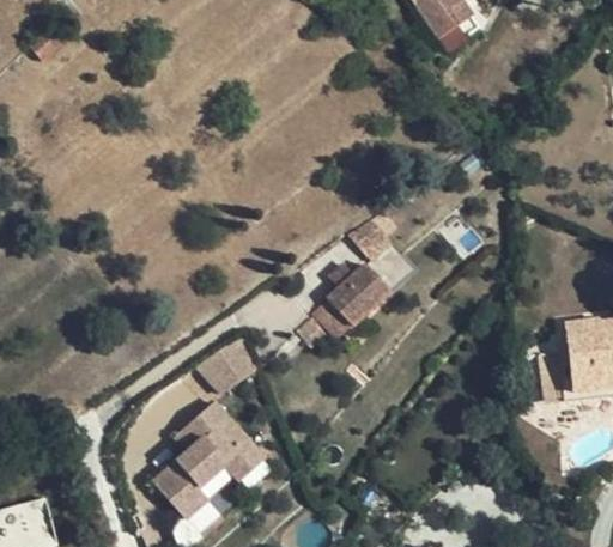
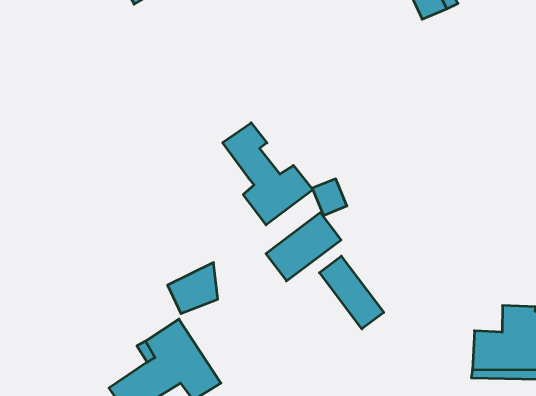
building: none -> [223,123,313,225]
building: none -> [319,256,384,329]

